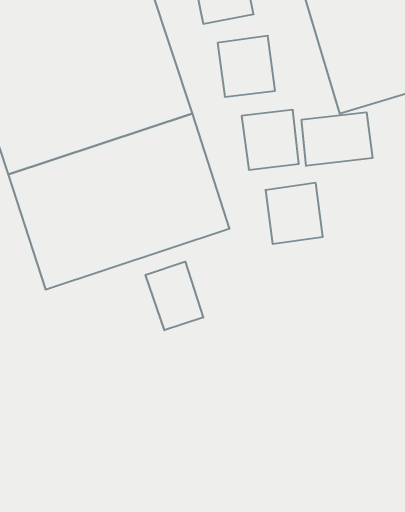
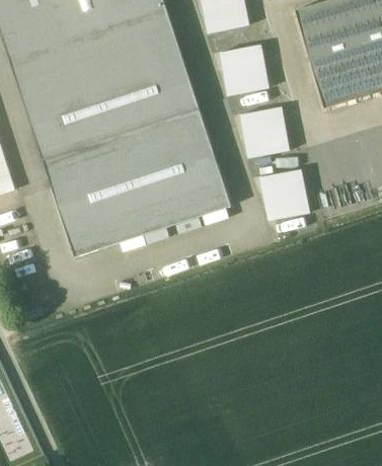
building: [302,112,373,166] -> none
building: [146,262,203,330] -> none

